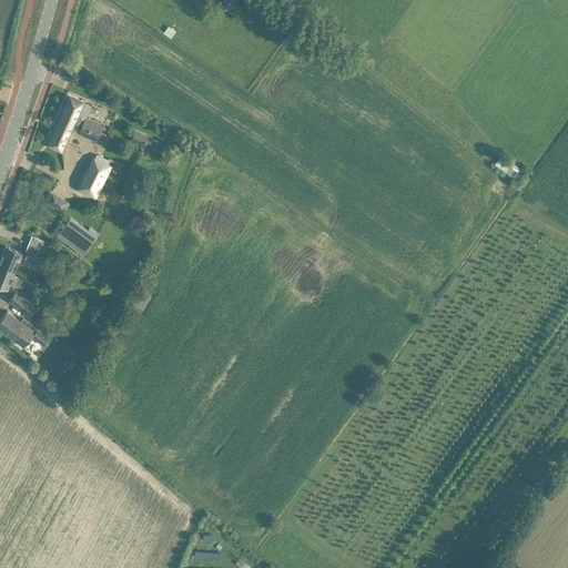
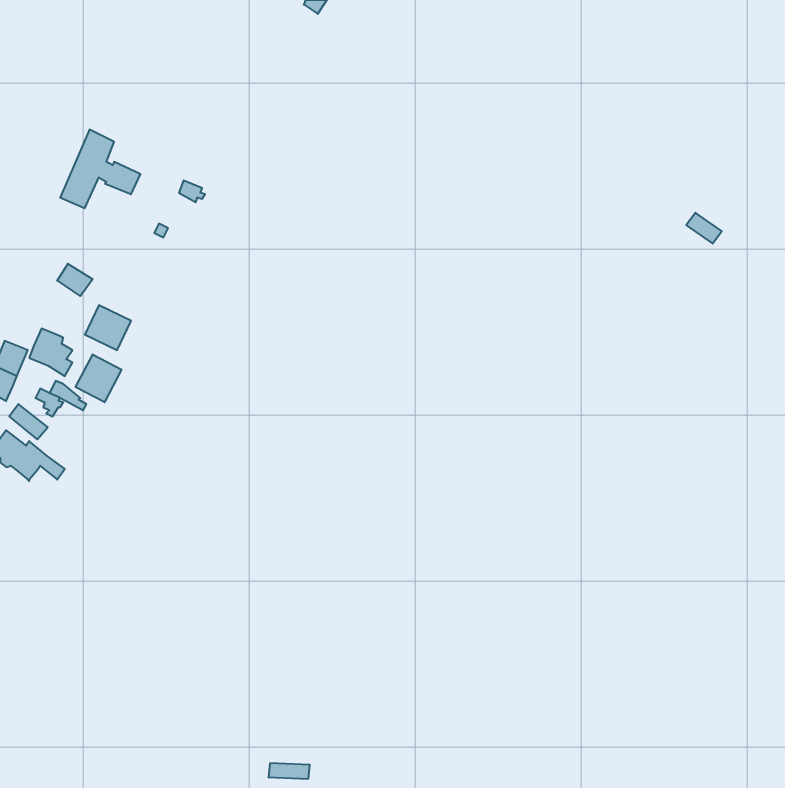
building: [77,156,109,196] -> none
building: none -> [76,354,121,402]

